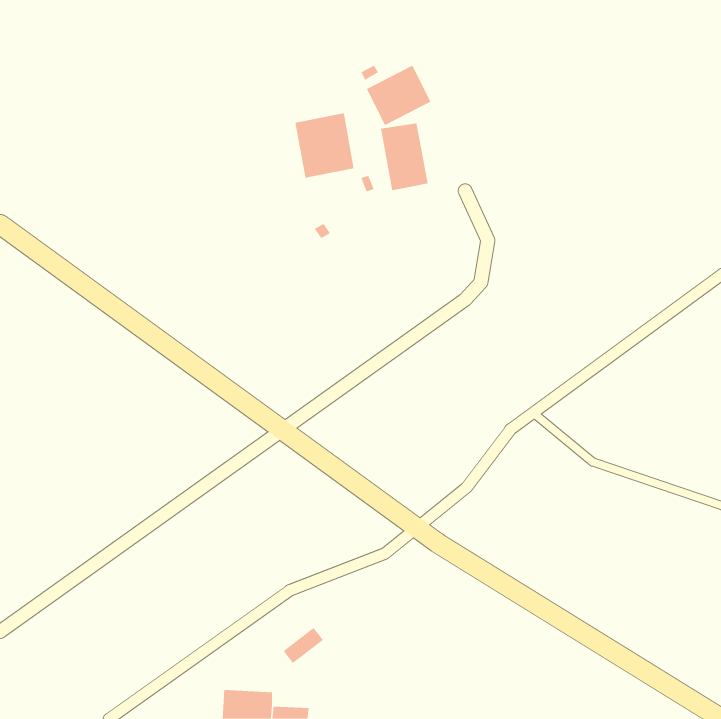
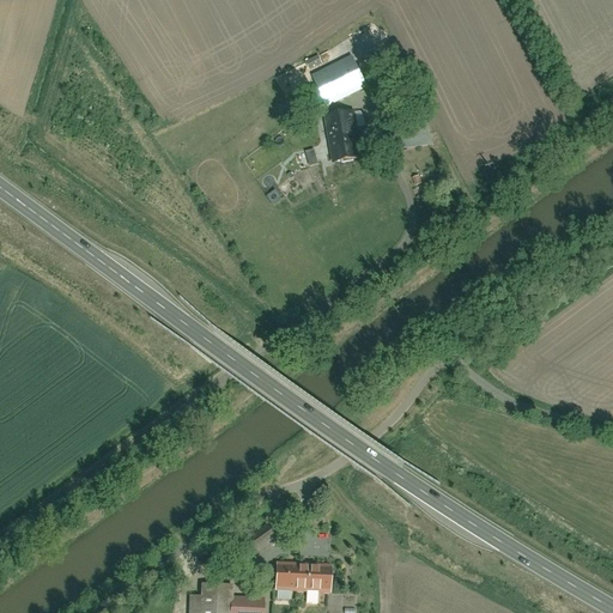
building: [295,113,354,178] -> none
building: none -> [273,562,329,591]

